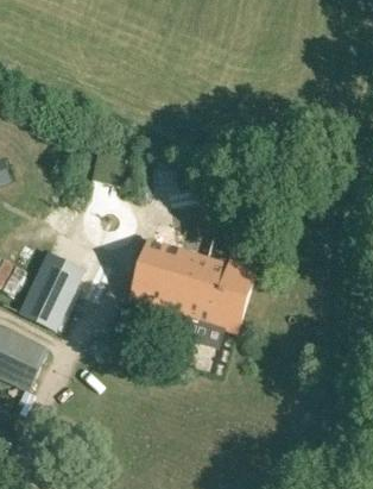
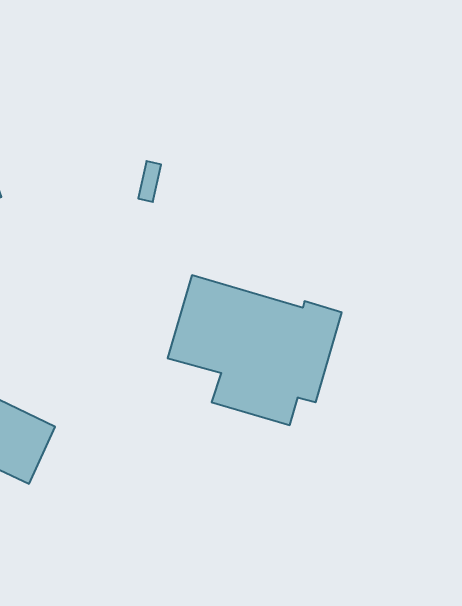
building: [17,250,86,331] -> none

